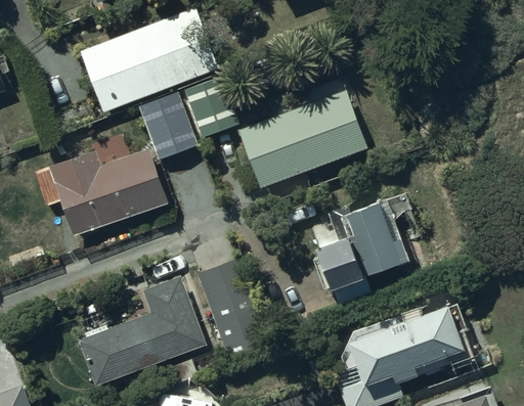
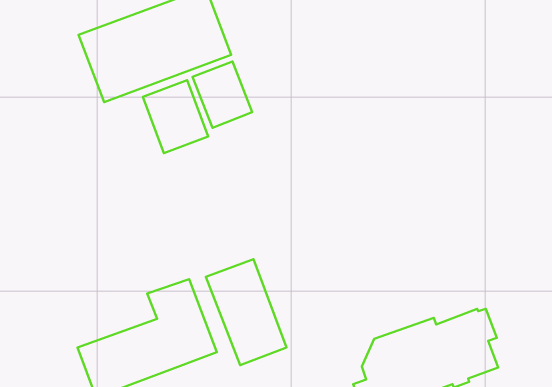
building: [238,92,369,189] -> none
building: [47,146,168,235] -> none
building: [314,199,407,306] -> none

